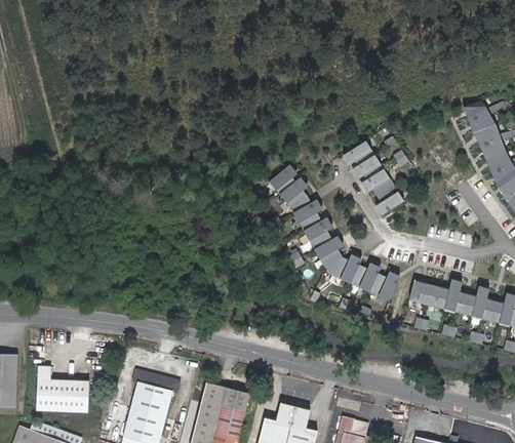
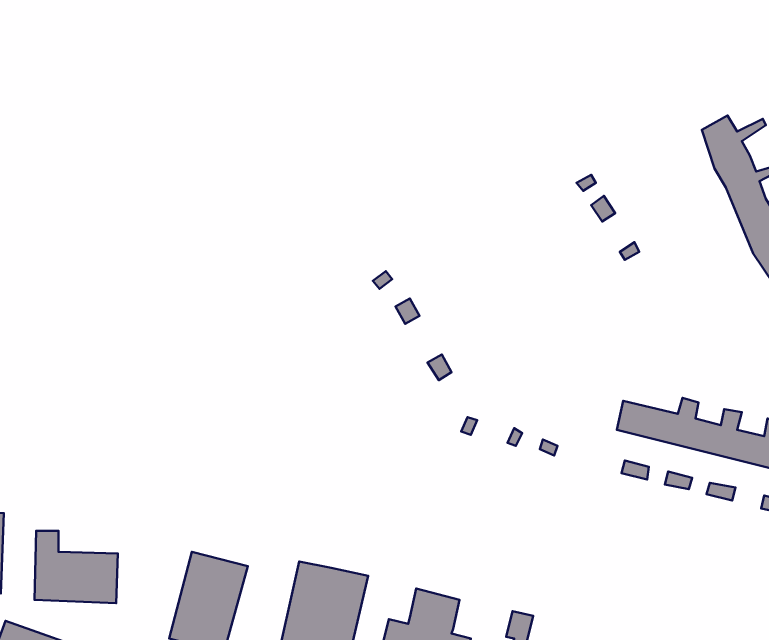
building: [348,142,403,212] -> none
building: [269,170,397,301] -> none

